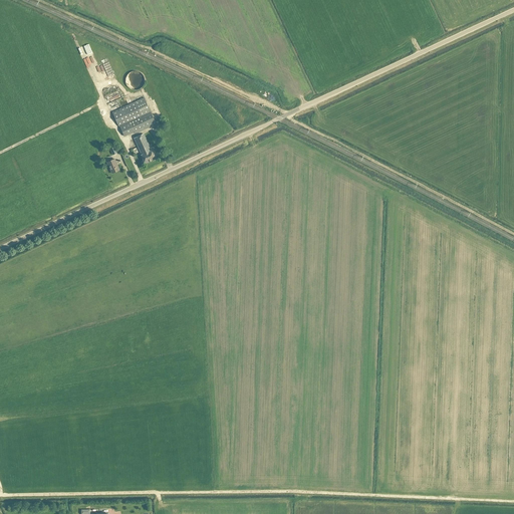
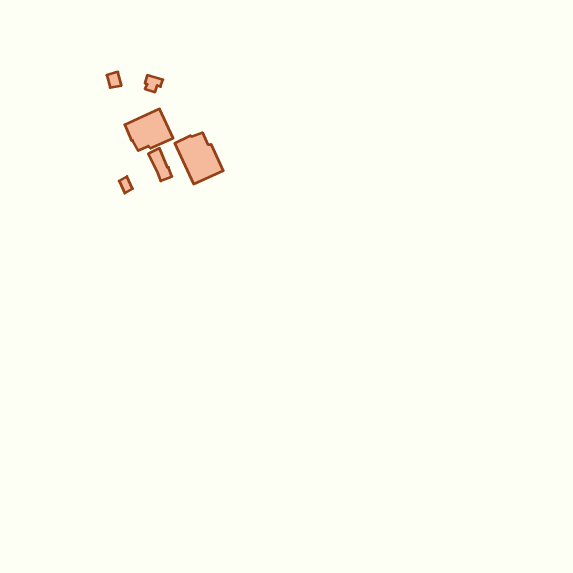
building: none -> [175,133,223,184]

